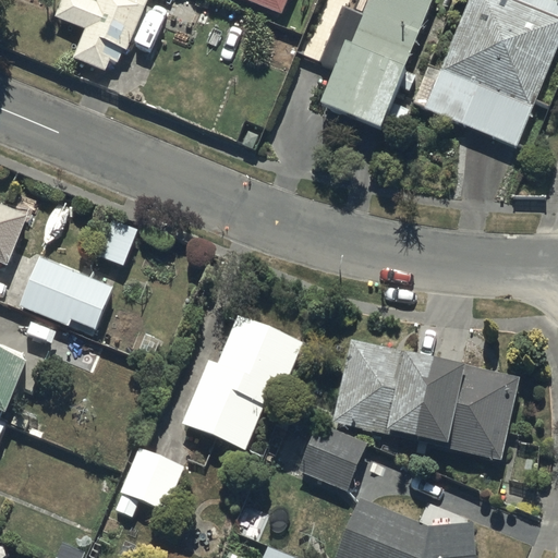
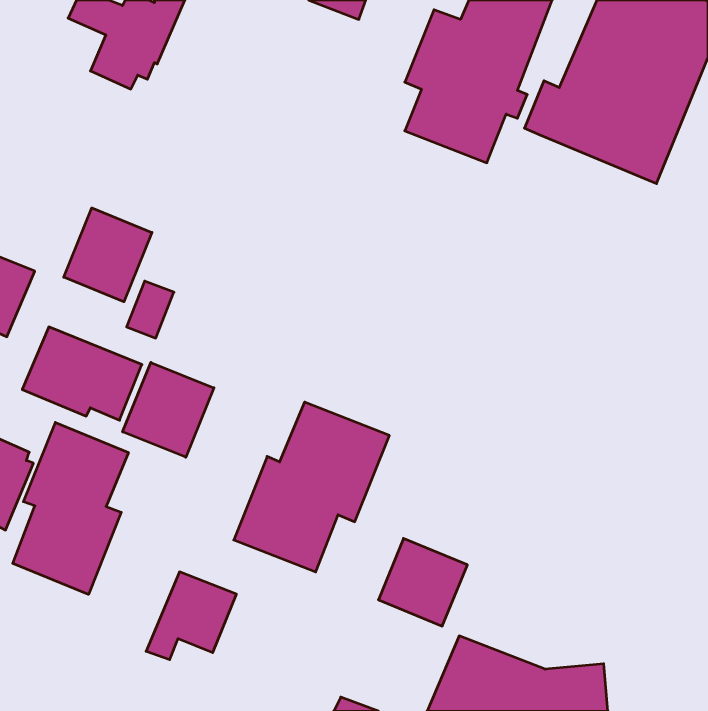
building: none -> [64,208,152,302]
building: none -> [123,362,214,457]
building: none -> [13,422,128,594]
building: [335,337,521,458] -> none

